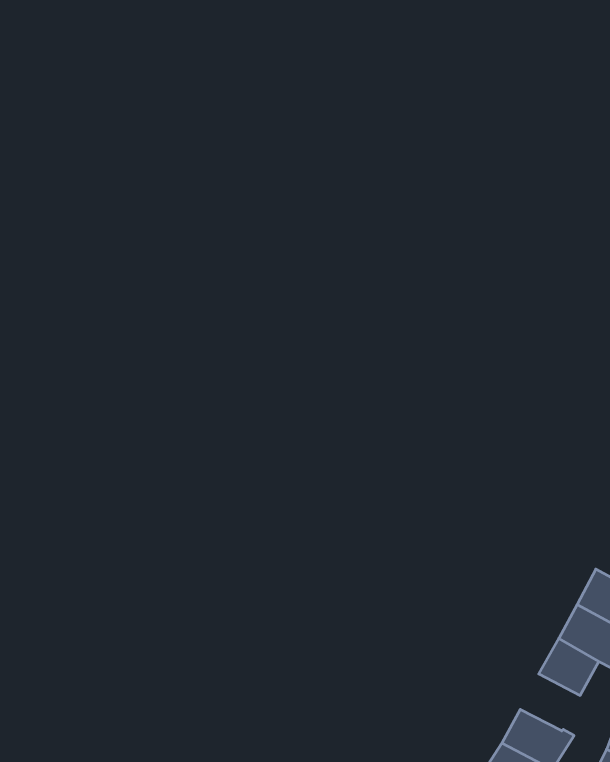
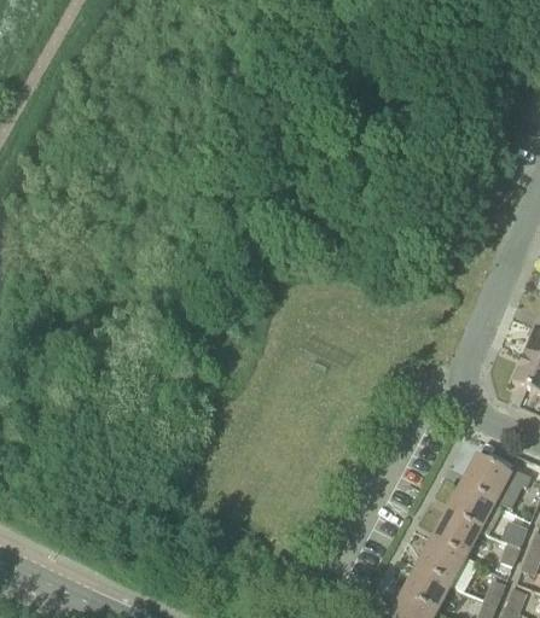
building: none -> [417,540,464,584]

